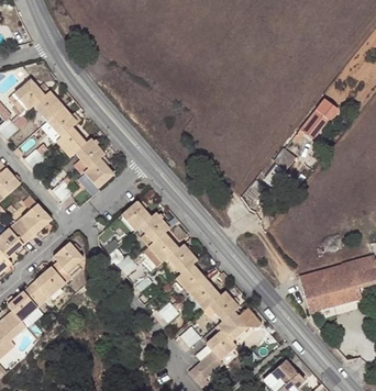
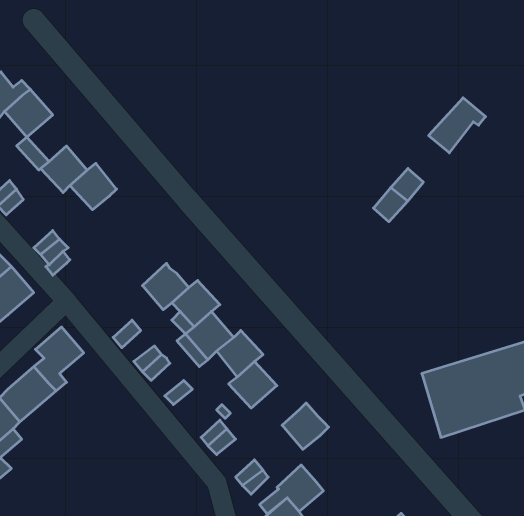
building: [47,107,77,136] -> none
building: [85,158,114,188] -> none
building: [190,279,221,310] -> none
building: [218,306,262,340] -> none

